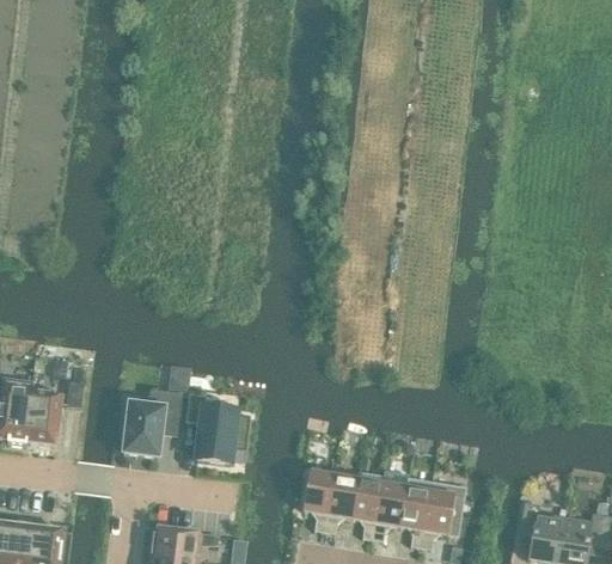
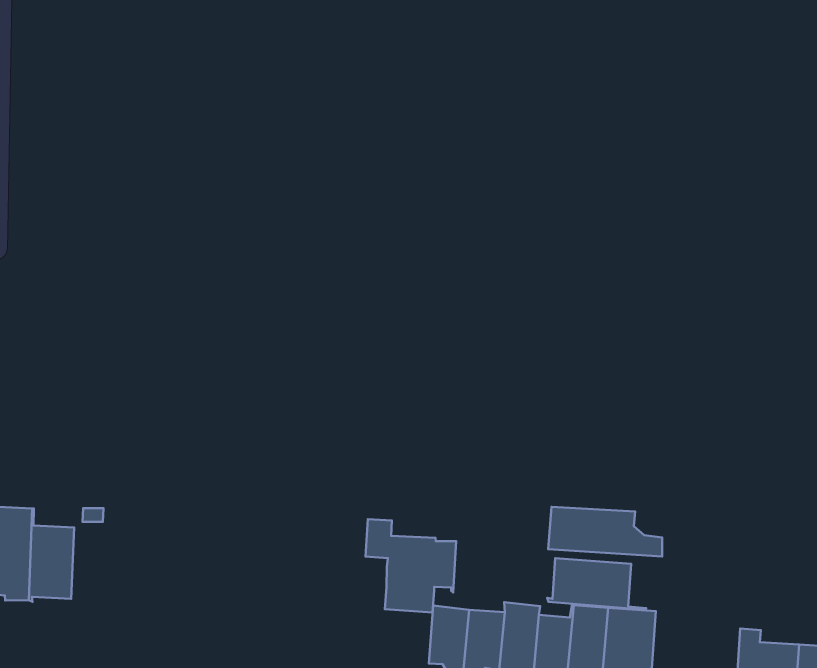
building: [123,391,180,455] -> none
building: [185,393,250,462] -> [366,519,456,613]
building: none -> [548,507,662,557]
building: none -> [547,558,646,610]

